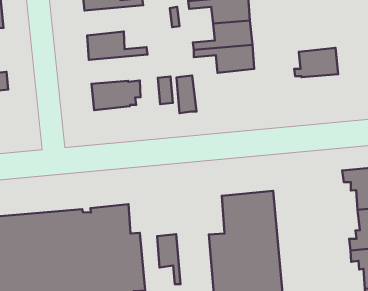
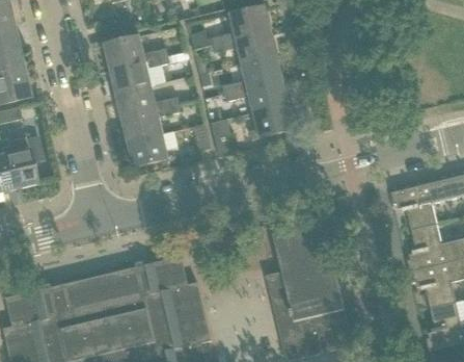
building: none -> [109,53,169,92]
building: [294,48,338,77] -> [249,101,294,135]
building: none -> [120,102,181,139]
building: [157,234,181,284] -> none

